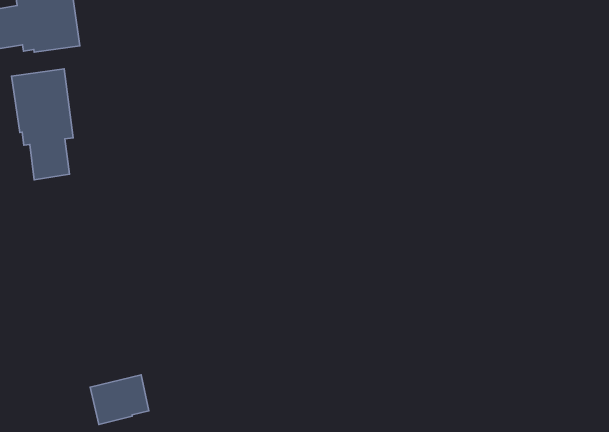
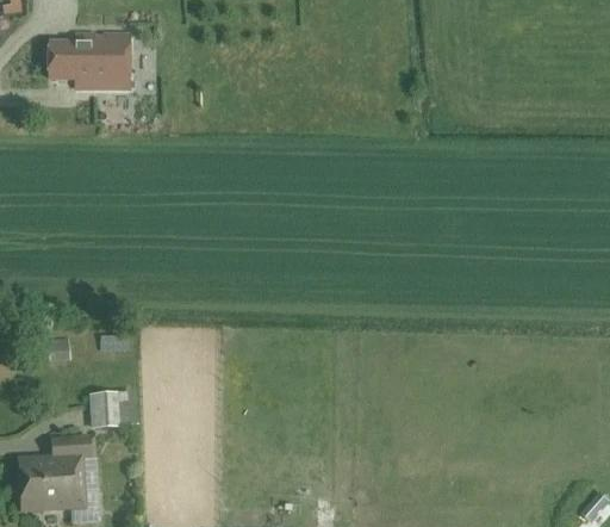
building: [11,69,73,180] -> none

